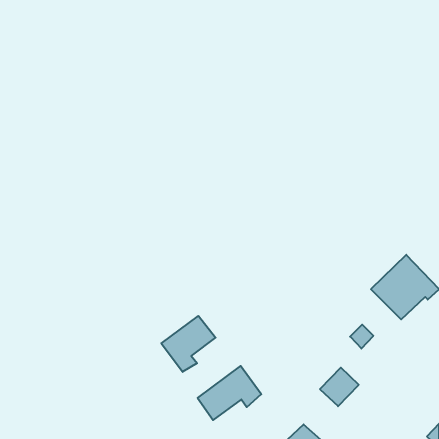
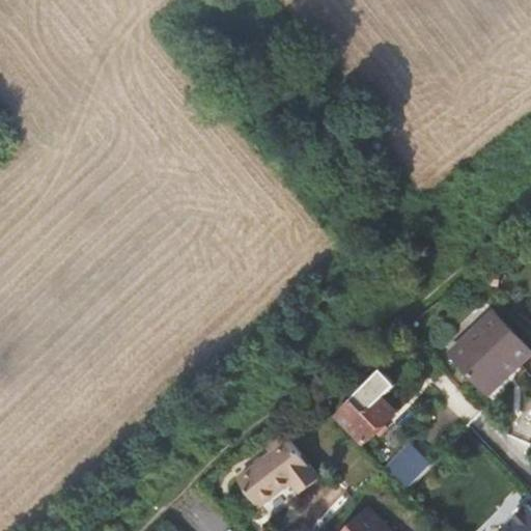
building: none -> [337,370,397,443]
building: [161,316,216,372] -> none

